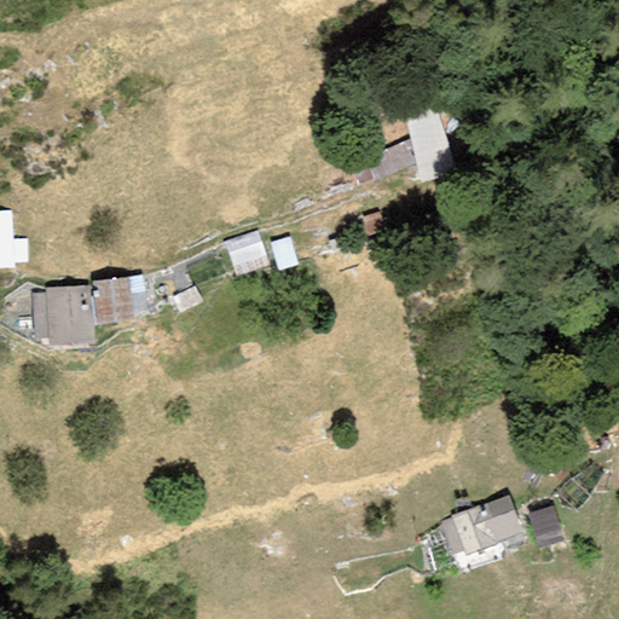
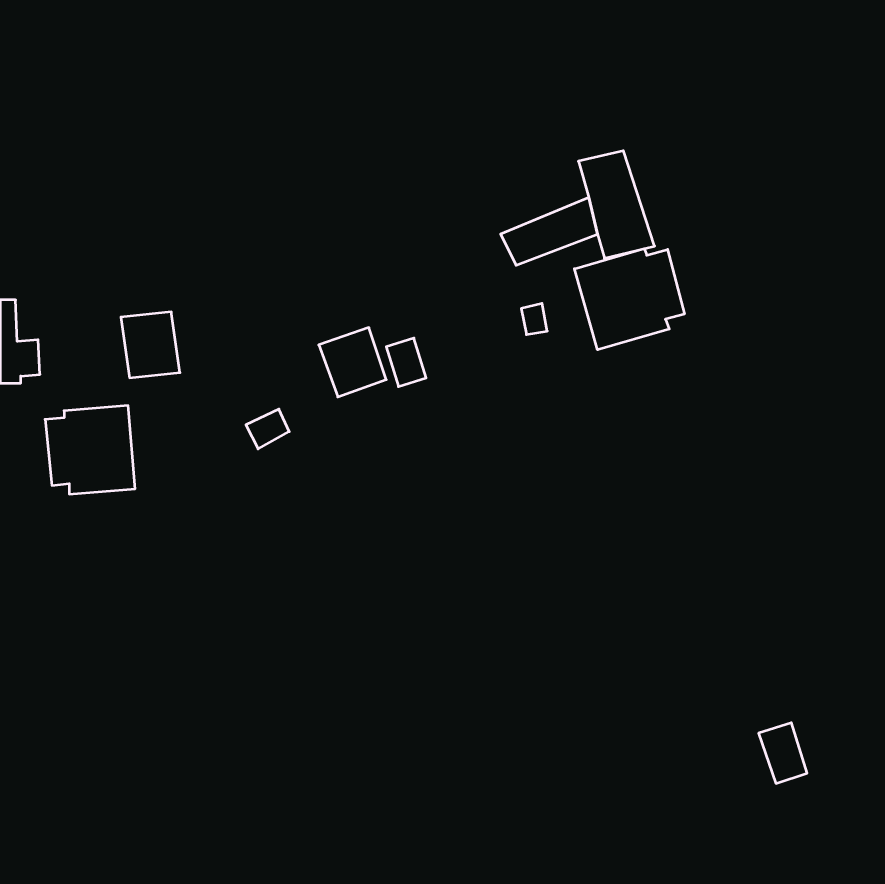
building: none -> [574,249,684,350]
building: [92,277,133,323] -> [121,312,180,378]
building: [439,494,521,555] -> none

